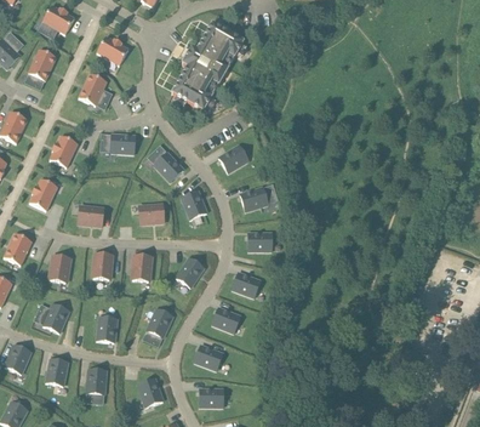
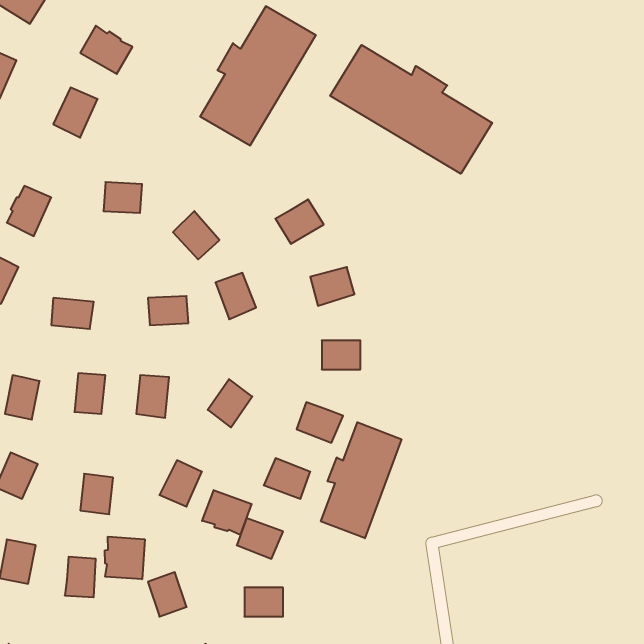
building: none -> [330,45,492,174]
building: none -> [321,422,401,538]
building: none -> [202,490,252,535]
building: none -> [105,537,145,579]

